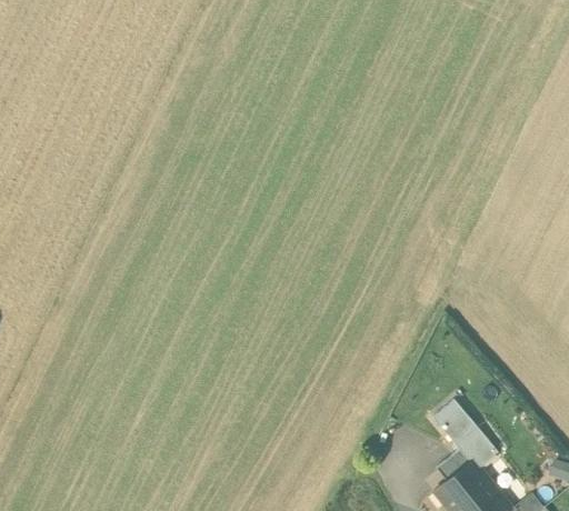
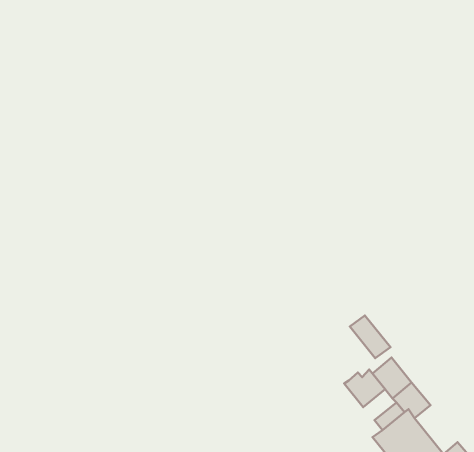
building: none -> [350,315,390,358]
building: none -> [344,370,385,407]

